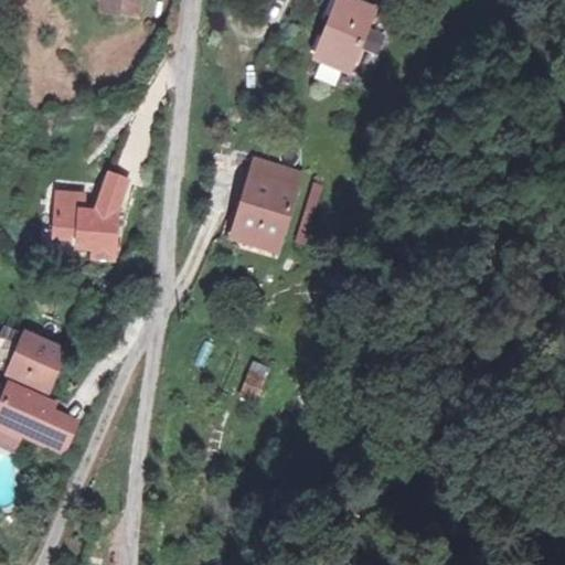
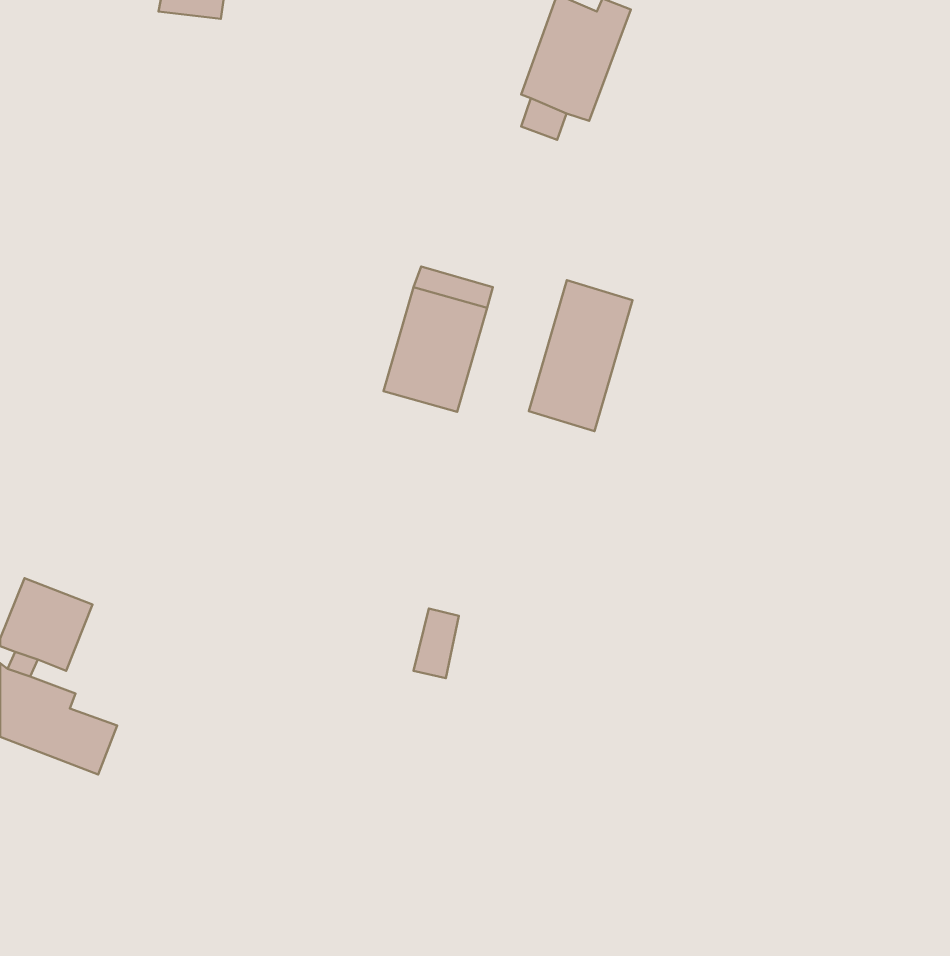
building: none -> [529,280,633,431]
building: [45,171,131,257] -> none

